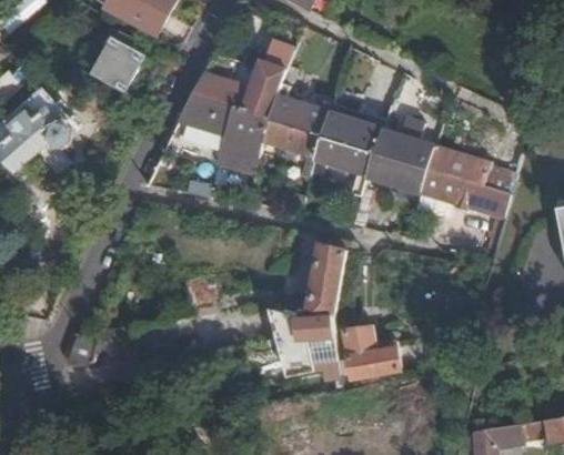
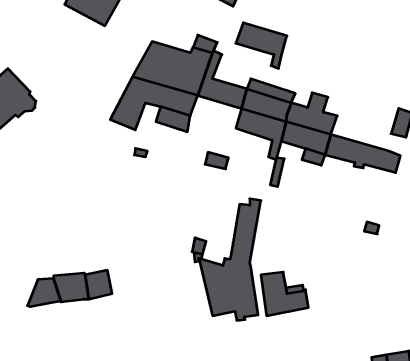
building: [92,42,143,92] -> none
building: [258,119,319,173] -> [236,23,287,68]
building: [425,143,514,191] -> none

